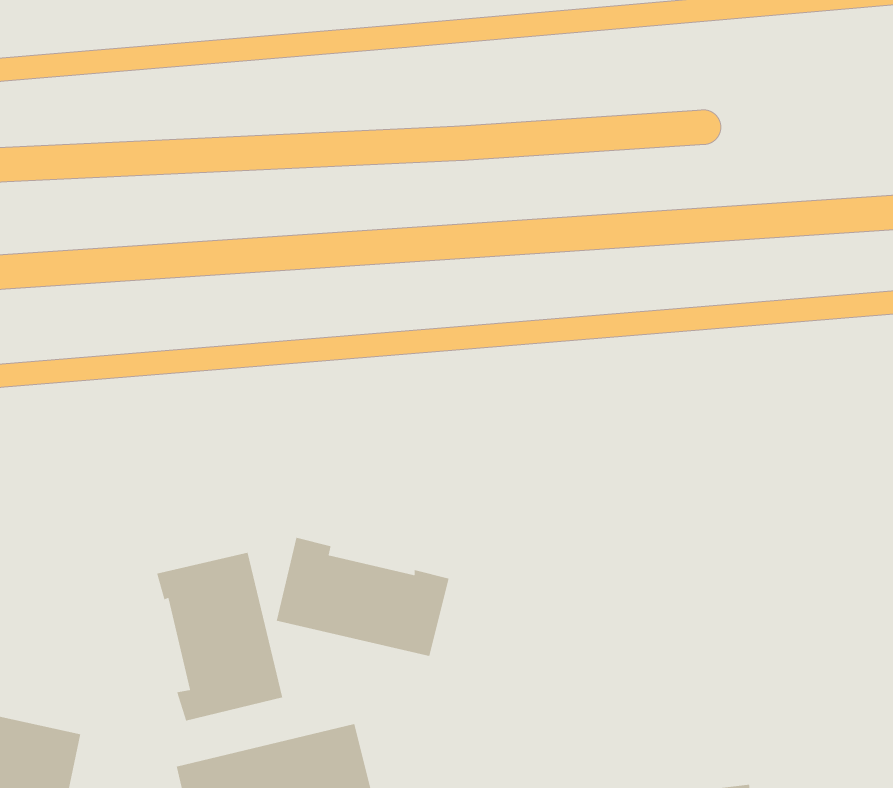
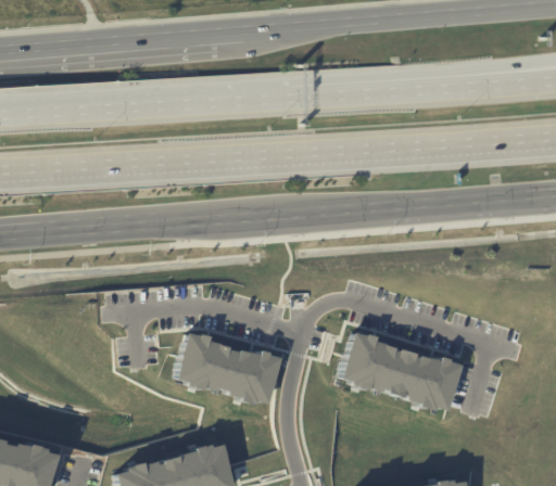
building: none -> [341,331,462,410]
building: [156,552,283,722] -> none

